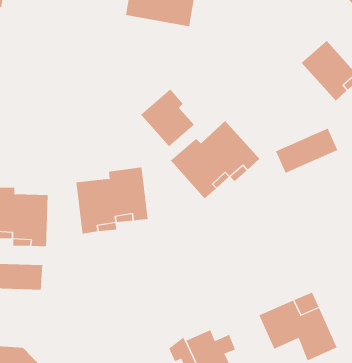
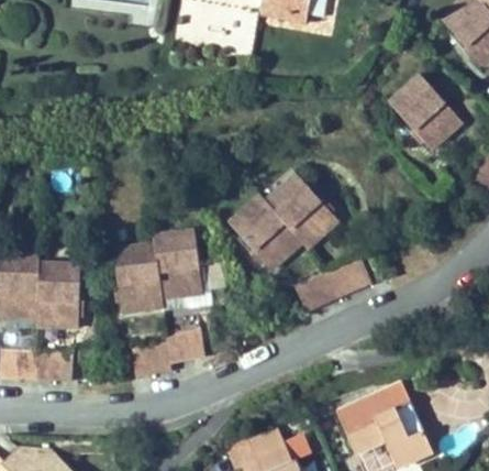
building: [140,88,195,147] -> none
building: [275,128,338,174] -> [294,256,371,313]
building: none -> [131,328,204,376]

